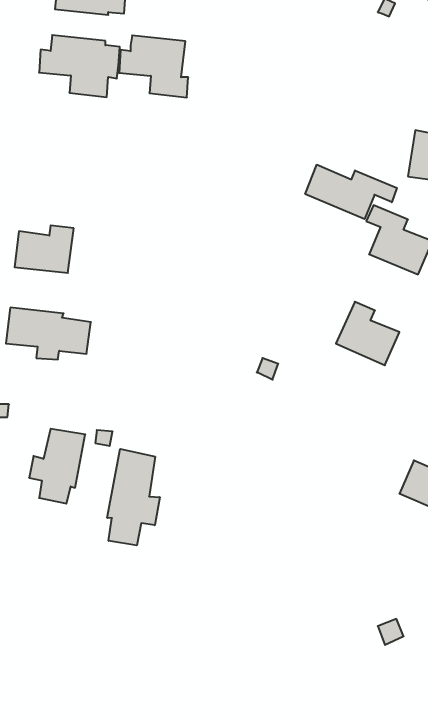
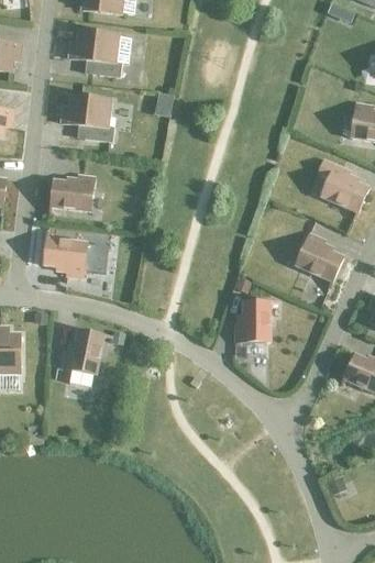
building: [119,35,188,97] -> [60,93,113,141]
building: [305,165,397,219] -> none
building: none -> [234,300,269,356]
building: [107,449,160,545] -> none

